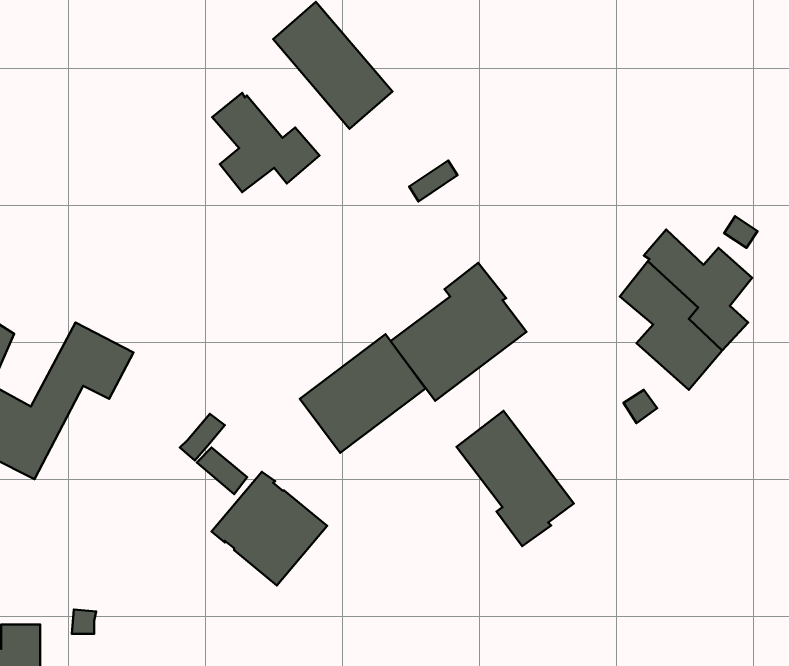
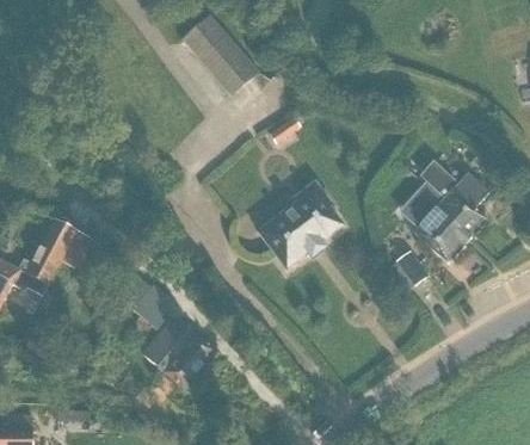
building: [212,93,320,192] -> none
building: [300,334,426,453] -> none
building: [457,411,574,546] -> none

